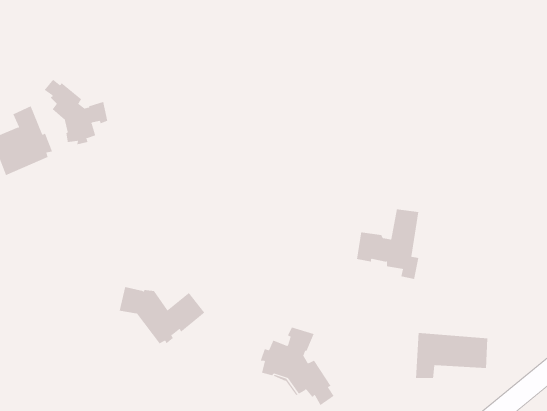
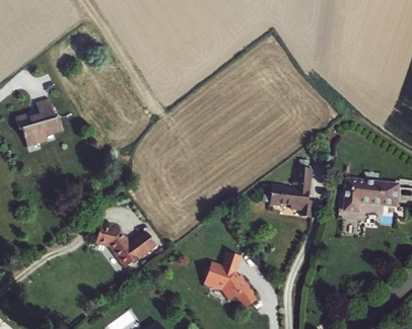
building: [44,79,108,145] -> none
building: [415,333,488,379] -> [347,181,399,214]

